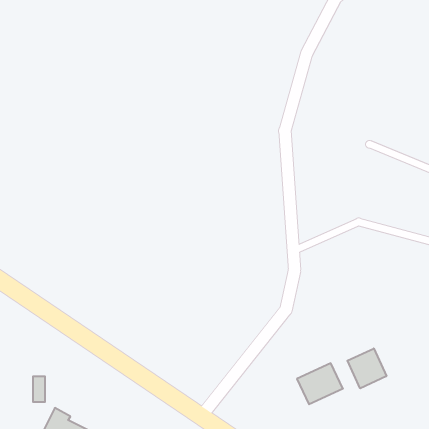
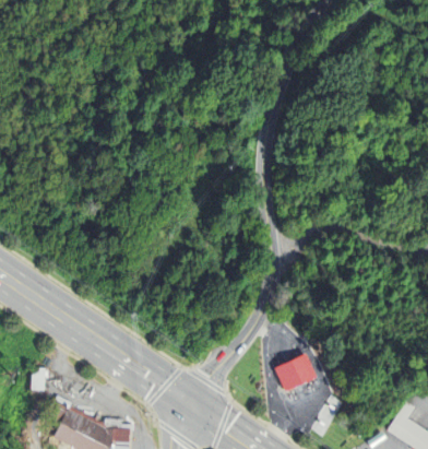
building: [347,348,386,388] -> none

